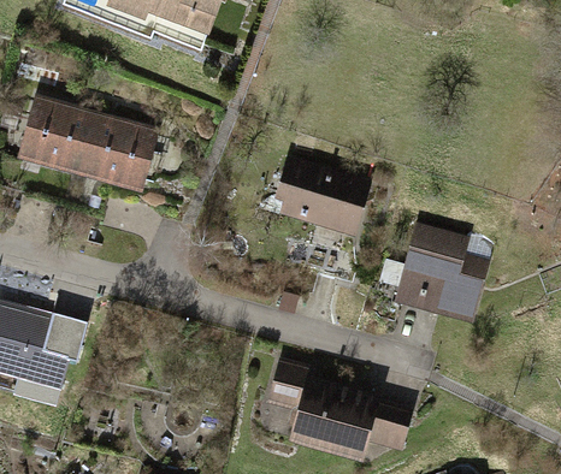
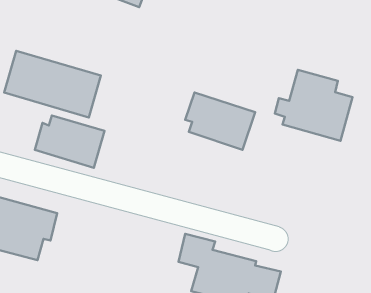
building: none -> [35,115,104,168]
building: [379,221,489,321] -> [275,70,352,141]

